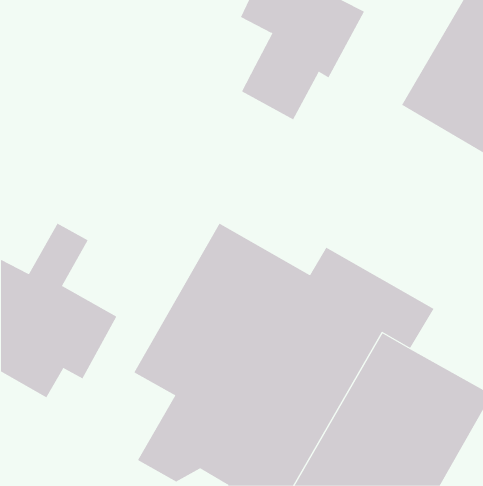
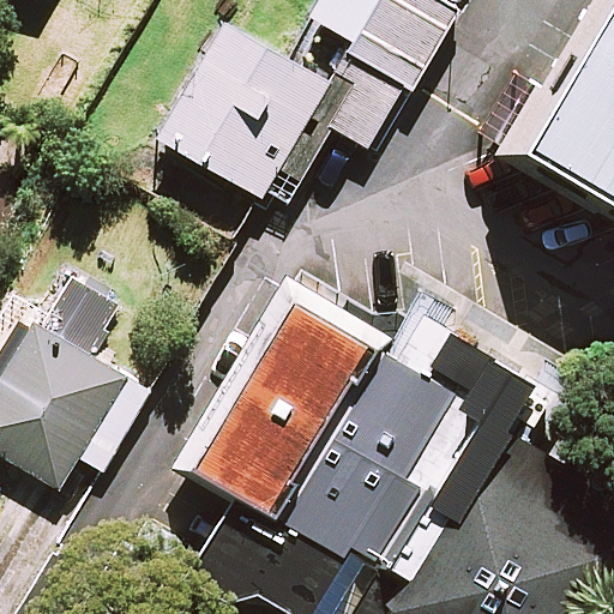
building: none -> [154,25,325,200]

